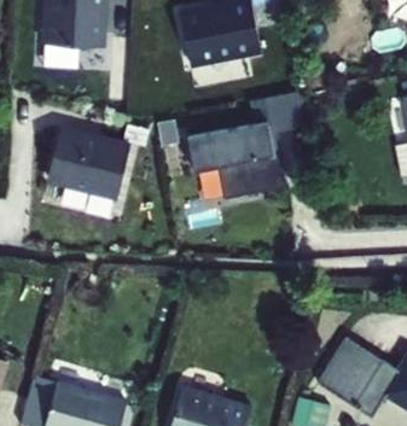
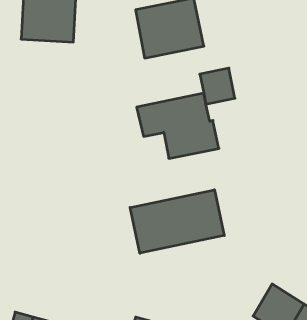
building: [47,140,130,210] -> none
building: none -> [130,190,224,253]

